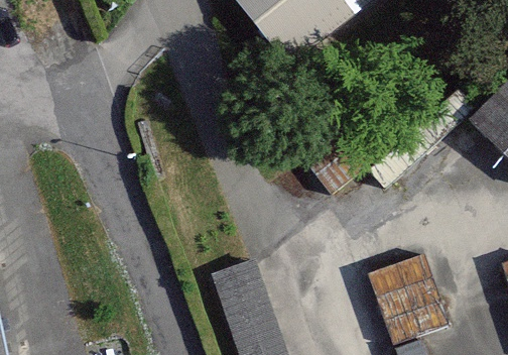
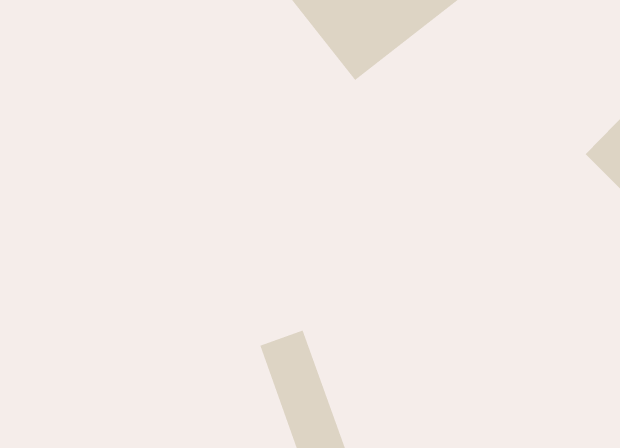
building: [372,246,455,338] -> none

